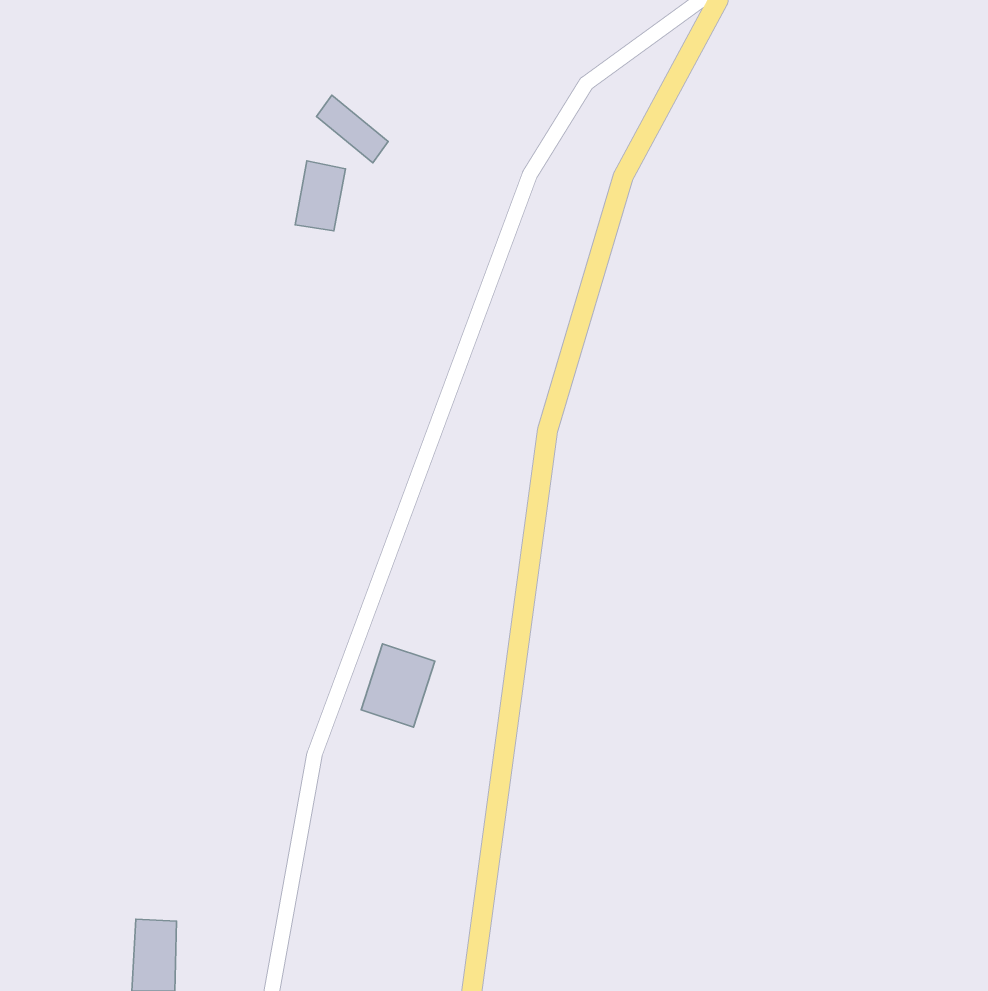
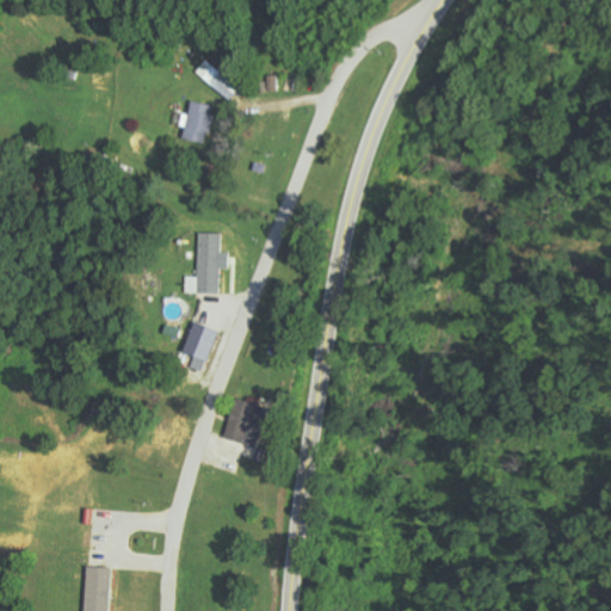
building: none -> [184,232,220,292]
building: none -> [181,321,217,371]

